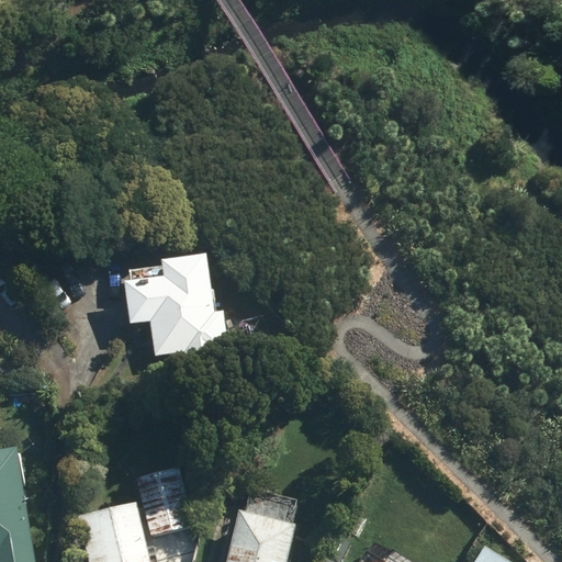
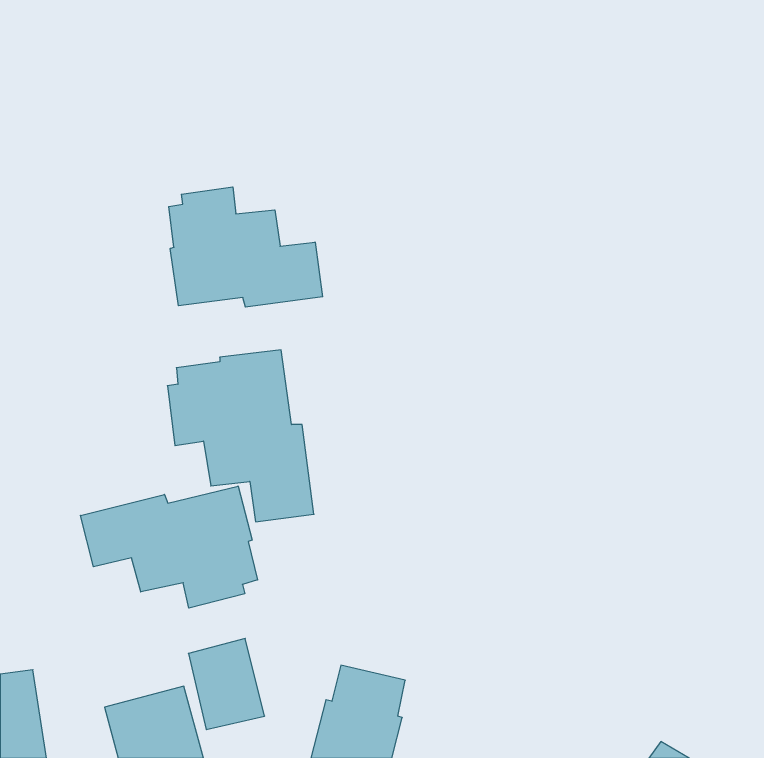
building: none -> [169,187,323,307]
building: none -> [80,486,258,608]

